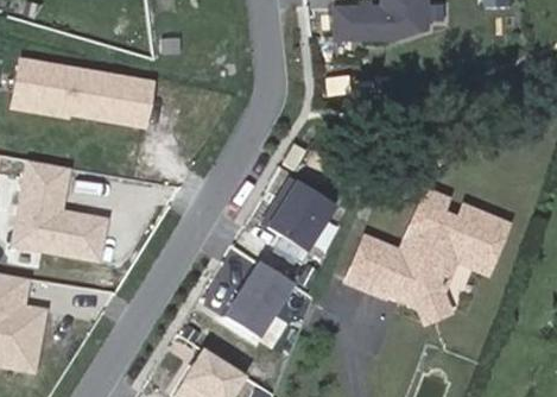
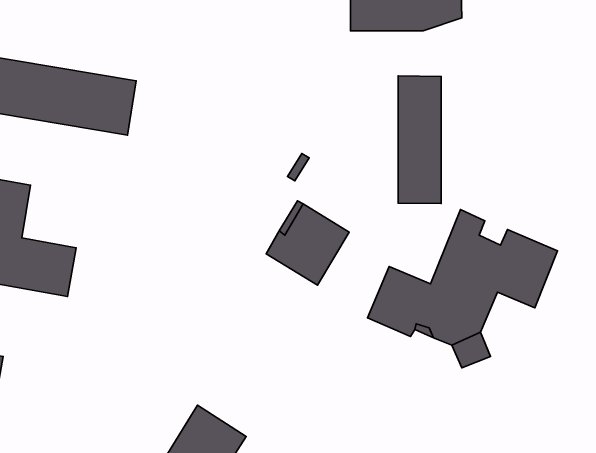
building: none -> [398,76,441,203]
building: [228,264,295,339] -> none

